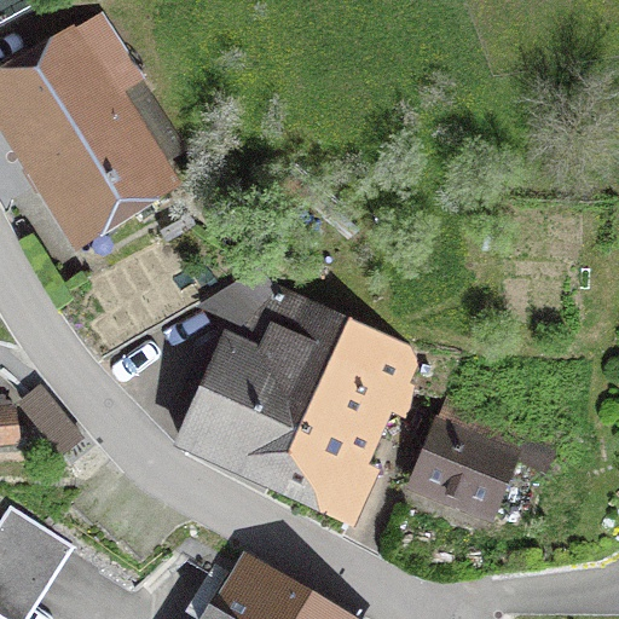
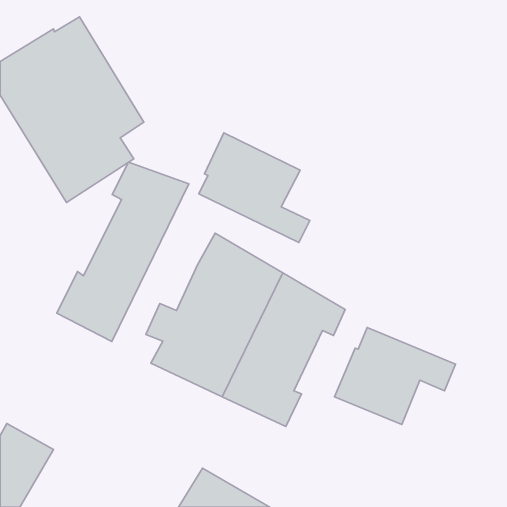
building: none -> [199,133,310,243]
building: none -> [57,162,189,341]

